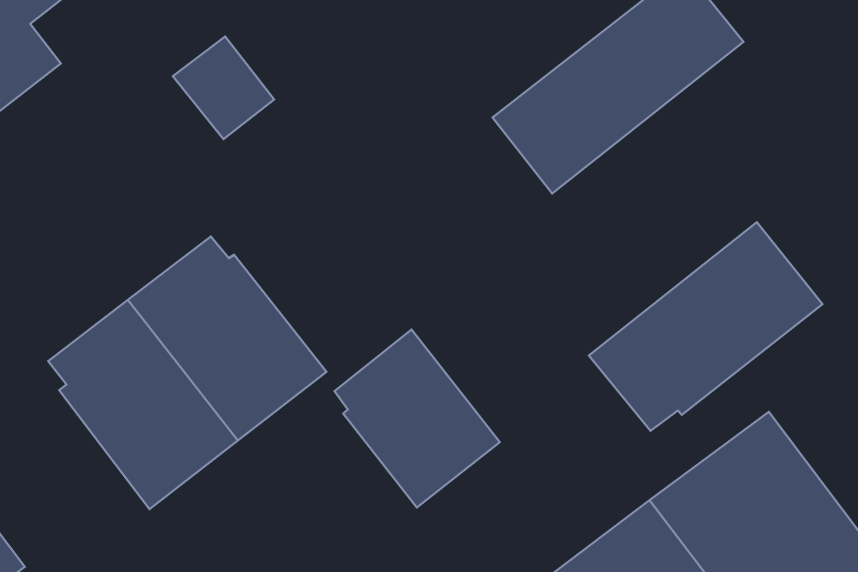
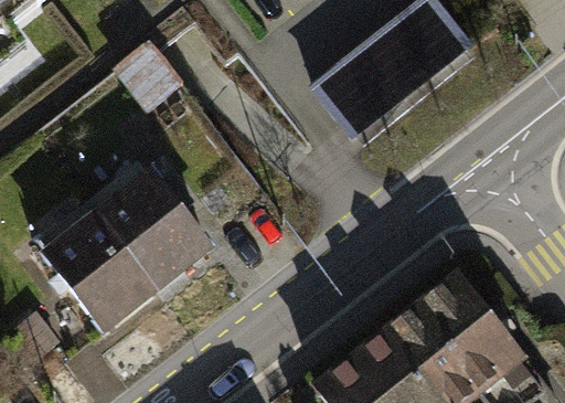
building: [589,222,822,431] -> none
building: [335,330,500,508] -> none

